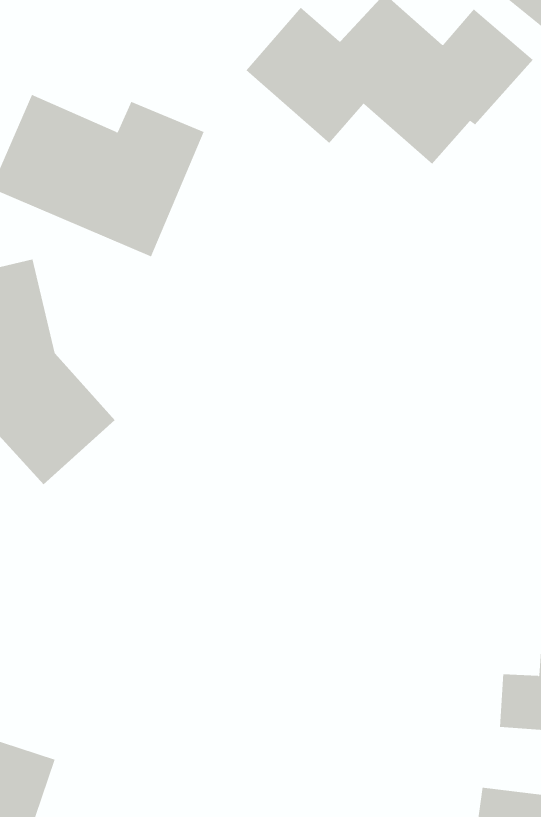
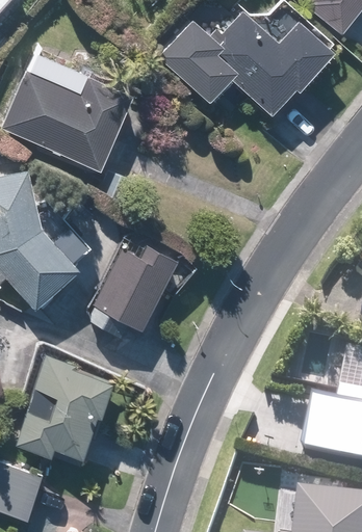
building: none -> [93,246,175,330]
building: none -> [17,354,110,456]

